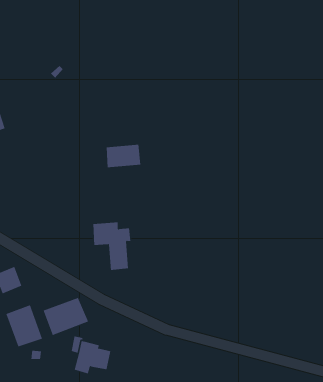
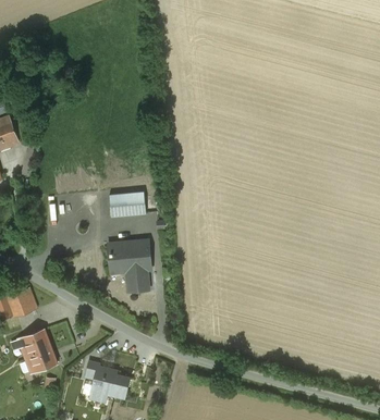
building: [106,144,141,168] -> [109,193,146,218]
building: [43,297,89,336] -> none

